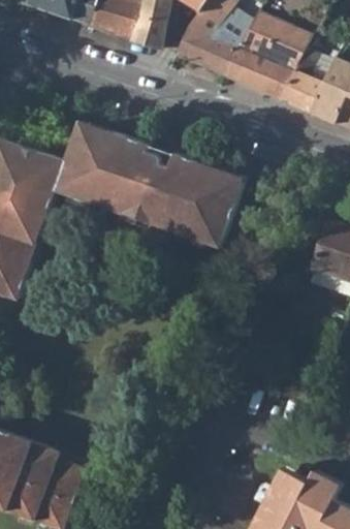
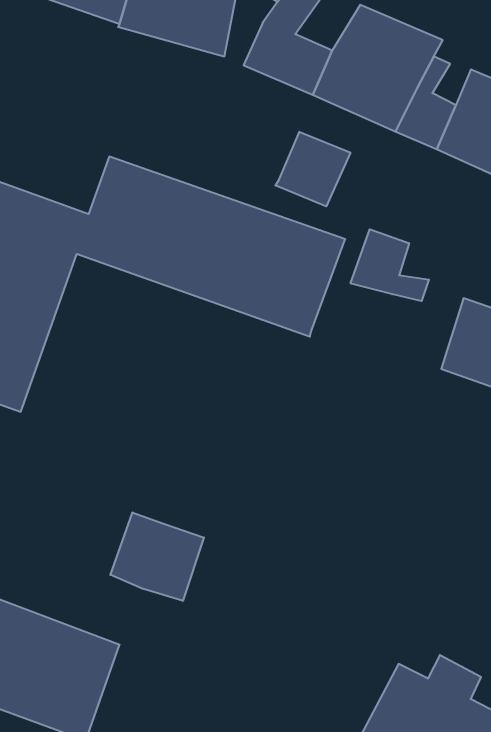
building: none -> [275,132,350,206]
building: none -> [351,229,429,301]
building: none -> [110,512,204,601]

